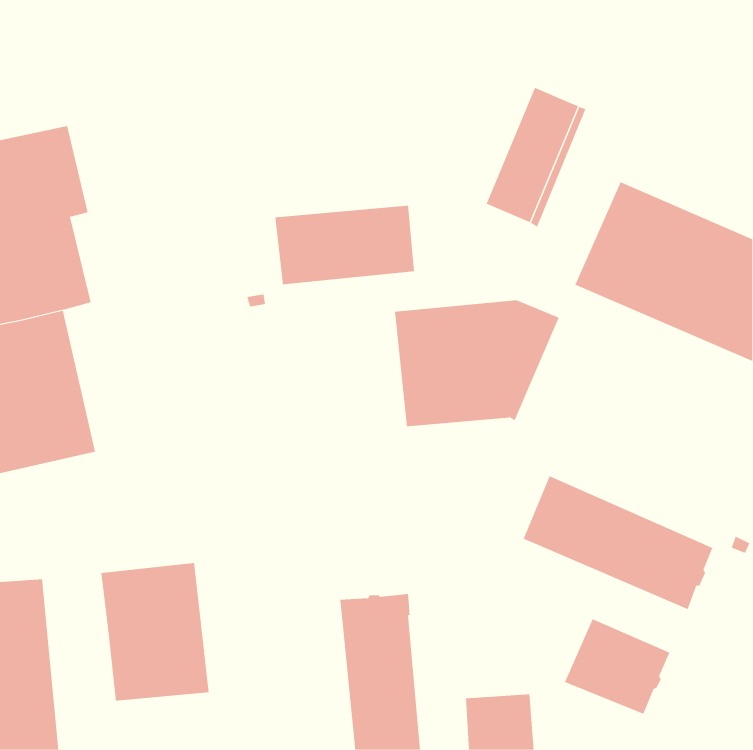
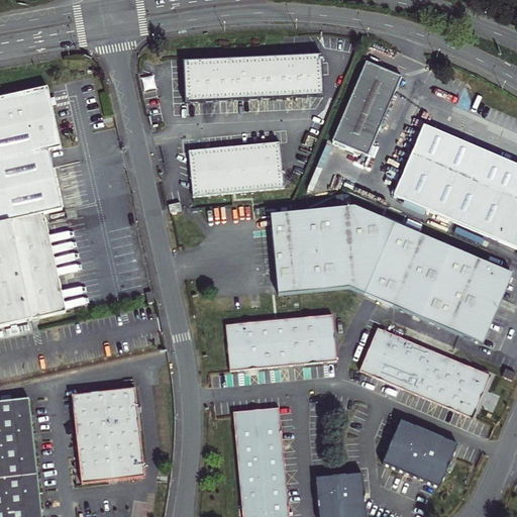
building: none -> [183,56,324,100]
building: none -> [352,217,506,341]
building: none -> [225,313,336,370]

